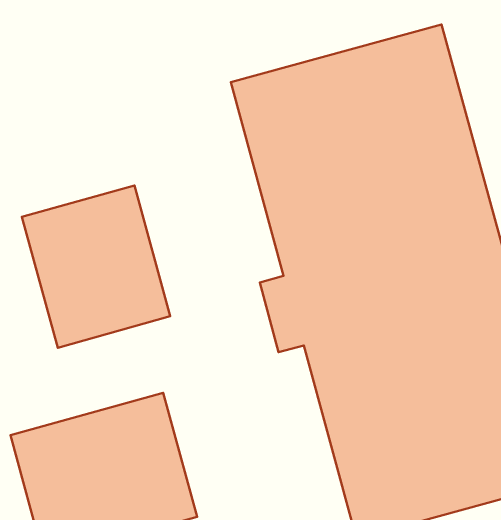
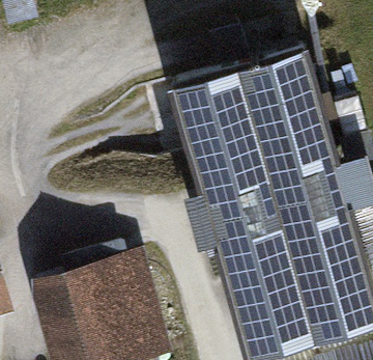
building: [22,186,170,348] -> none

